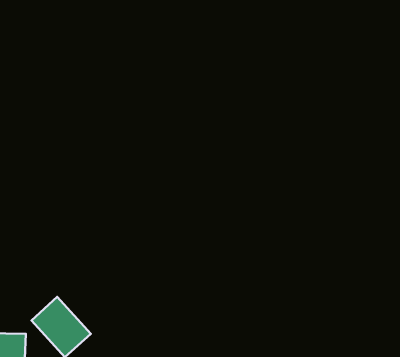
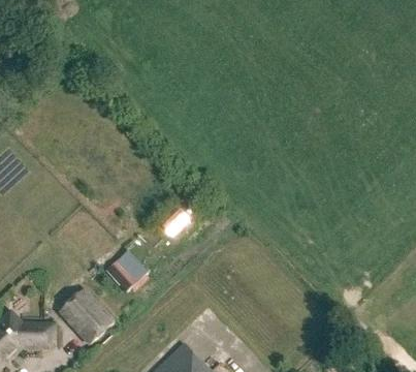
building: none -> [104,249,147,291]

